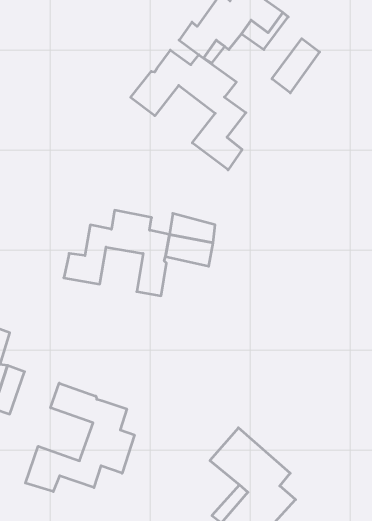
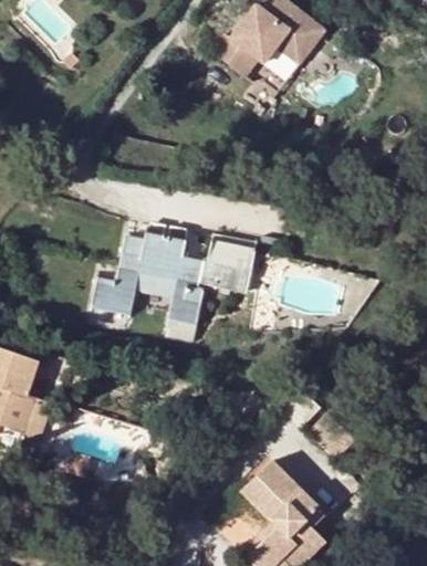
building: [272,39,320,93] -> none
building: [131,50,246,170] -> none
building: [25,383,134,492] -> none

